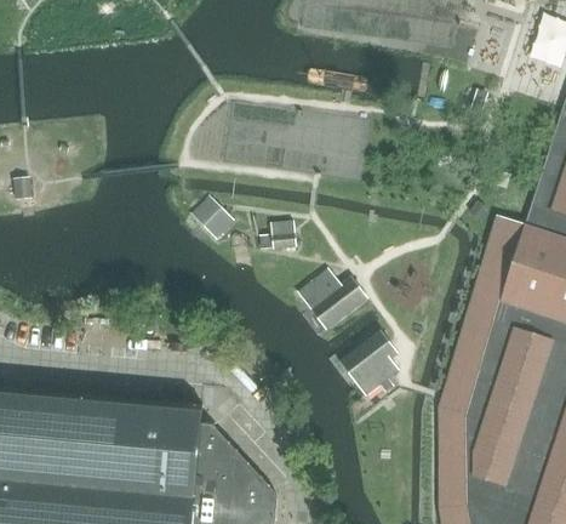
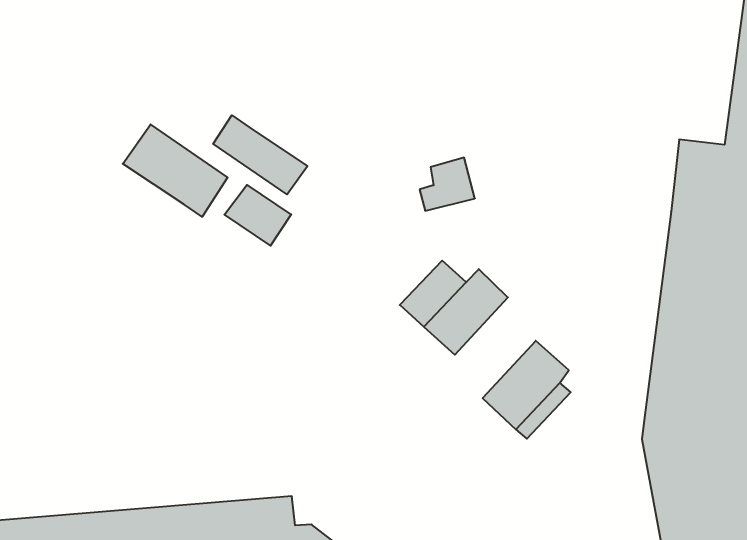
building: none -> [123,124,228,217]
building: none -> [213,115,307,194]
building: [262,222,297,252] -> [420,158,475,211]

